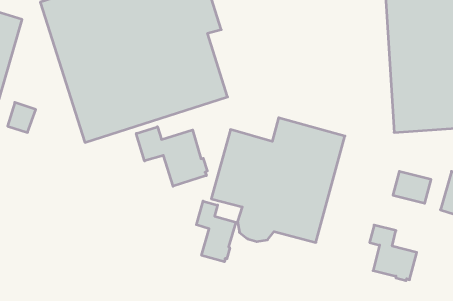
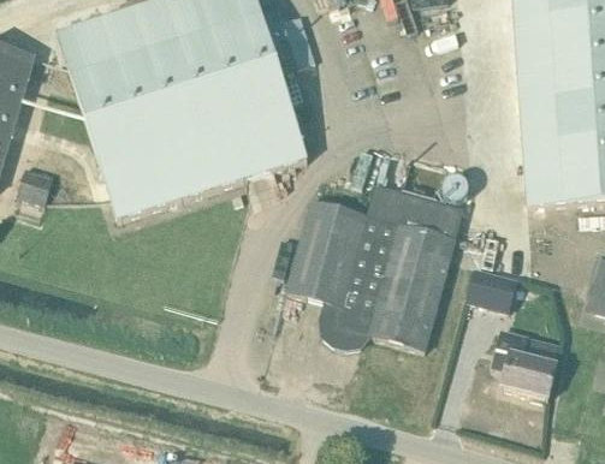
building: [136,127,207,186] -> none
building: [393,171,431,203] -> [464,269,515,311]
building: [196,201,236,262] -> none

